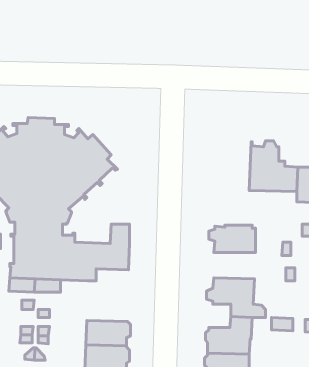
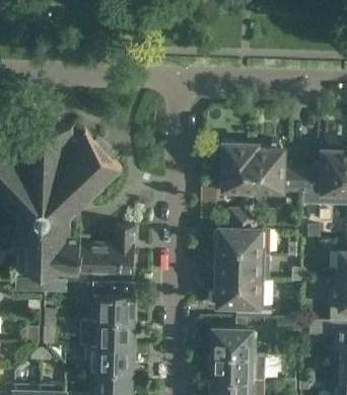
building: none -> [221,144,258,227]
building: none -> [215,254,261,281]
building: none -> [92,283,136,323]

